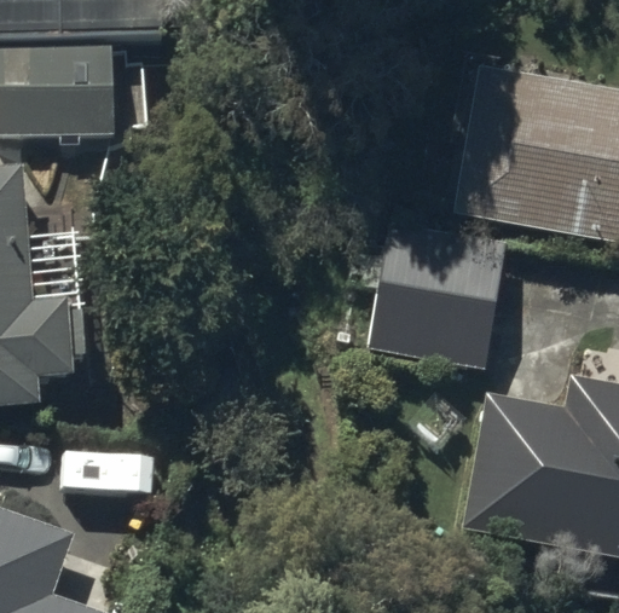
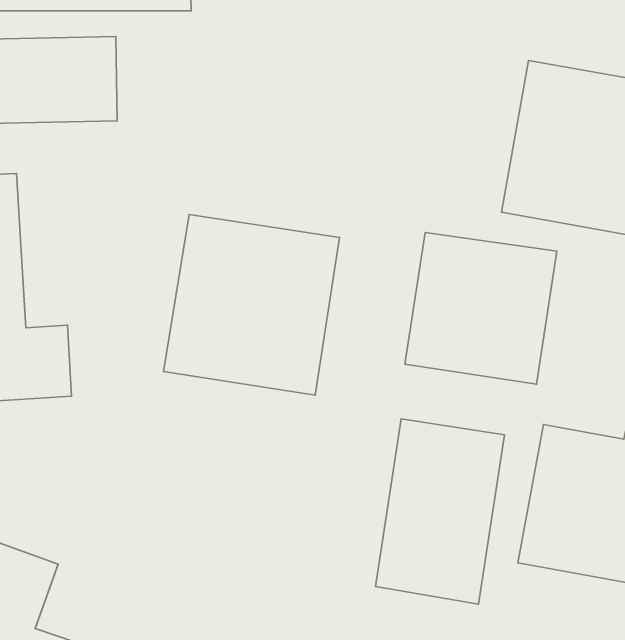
building: none -> [164,214,339,395]
building: none -> [375,419,505,604]

